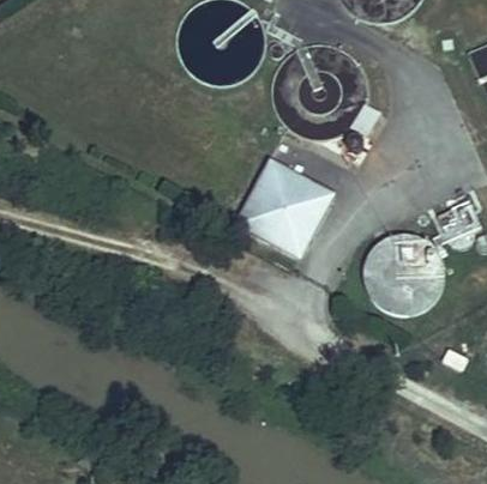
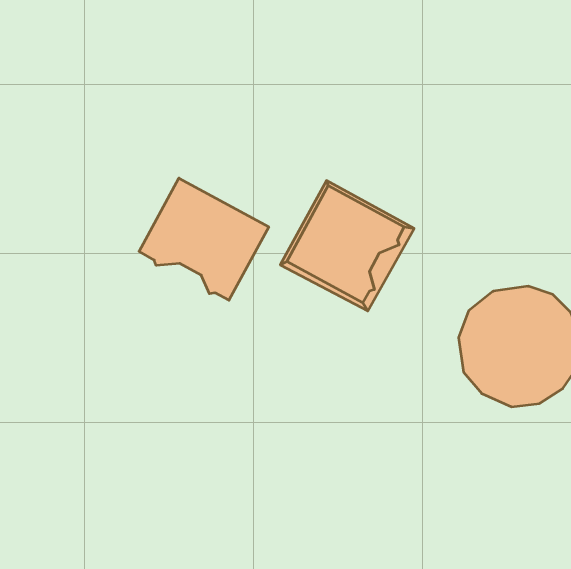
building: none -> [139,178,269,300]

